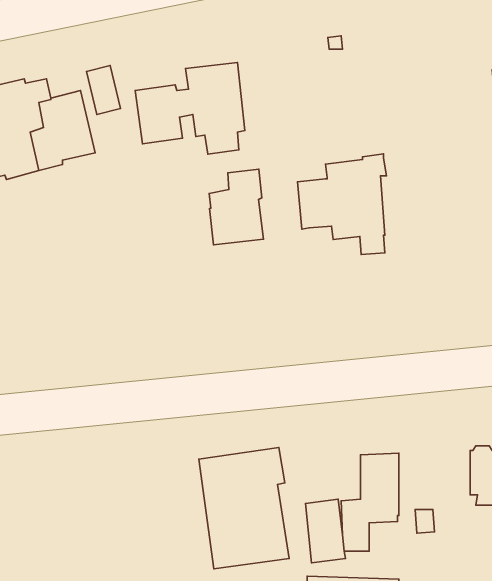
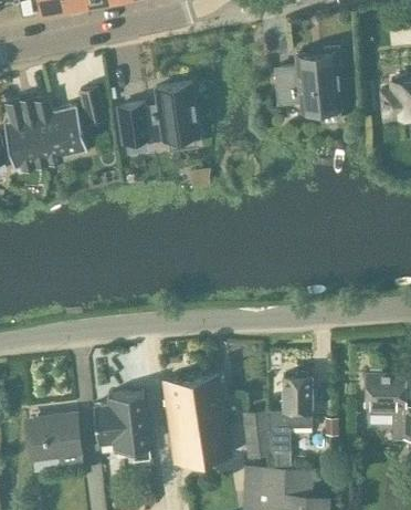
building: [297,154,386,254] -> [274,49,340,124]
building: [209,169,263,245] -> none
building: none -> [93,393,149,462]
building: none -> [25,415,82,467]

